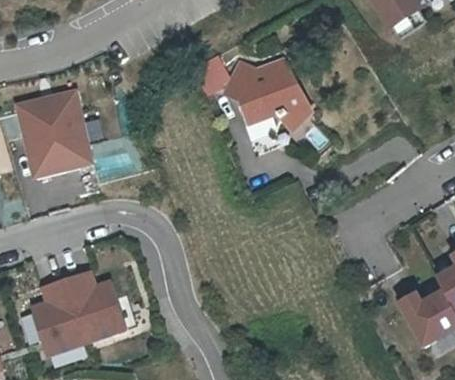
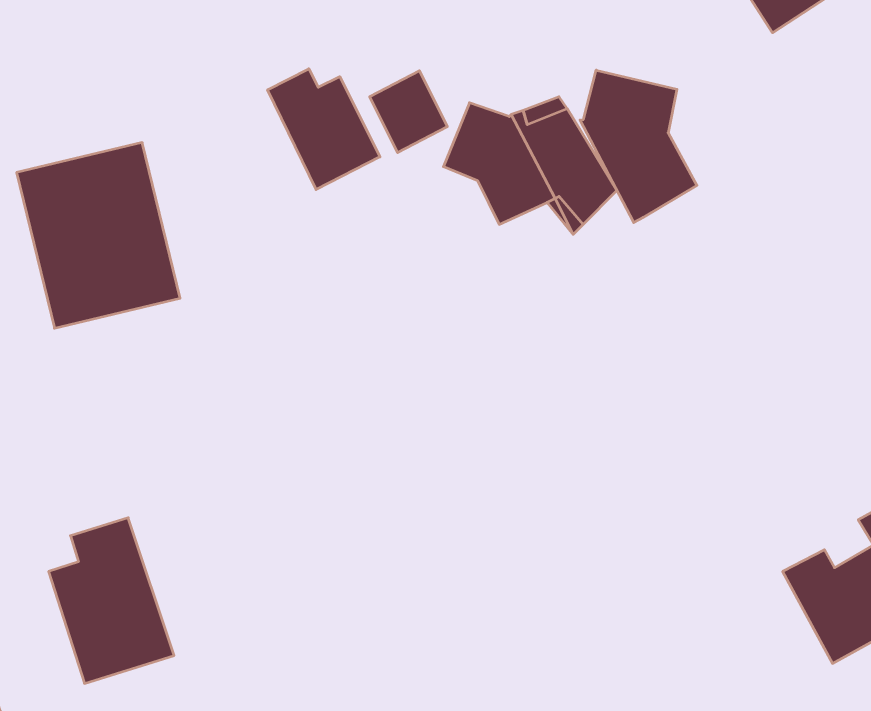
building: none -> [268,69,380,190]
building: none -> [580,70,697,223]
building: [68,267,127,343] -> none

